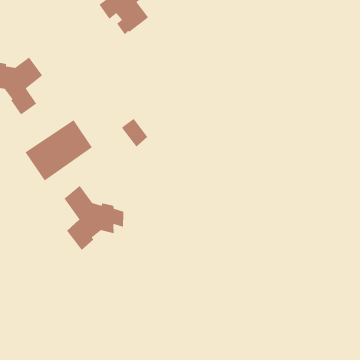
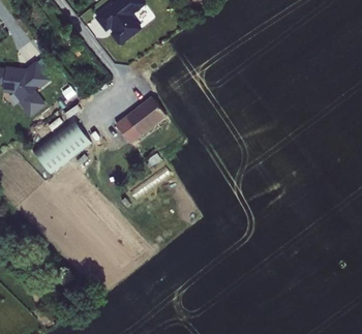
building: none -> [127,97,165,133]
building: [63,185,124,251] -> none

